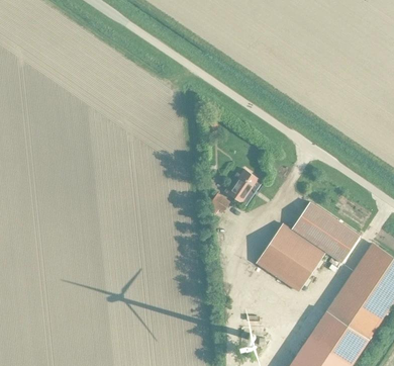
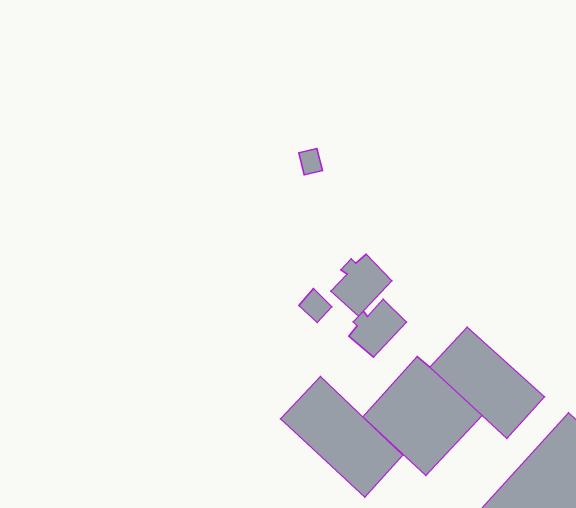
building: none -> [349,299,407,357]
building: none -> [280,377,403,497]

